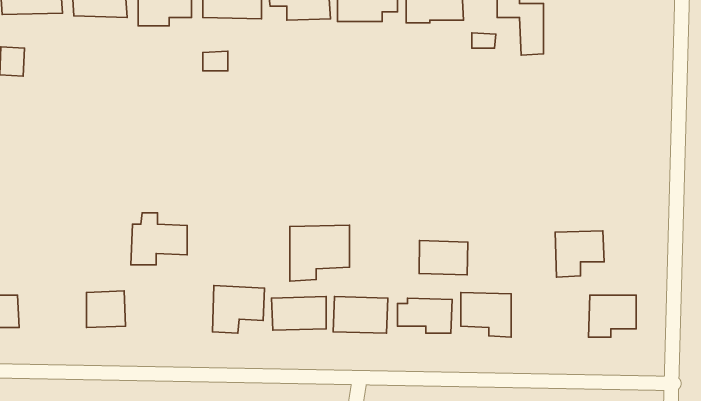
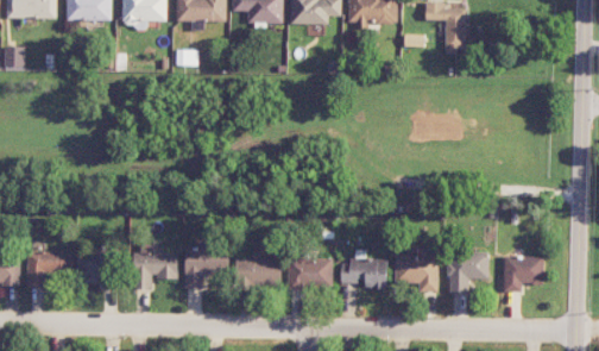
building: [131,213,187,265] -> [131,243,178,287]
building: [290,225,349,281] -> none
building: [555,231,604,277] -> [447,252,488,292]
building: [419,241,468,275] -> none
building: none -> [27,251,72,286]

